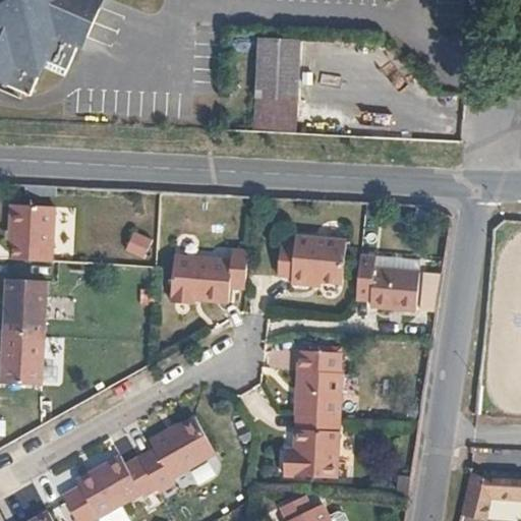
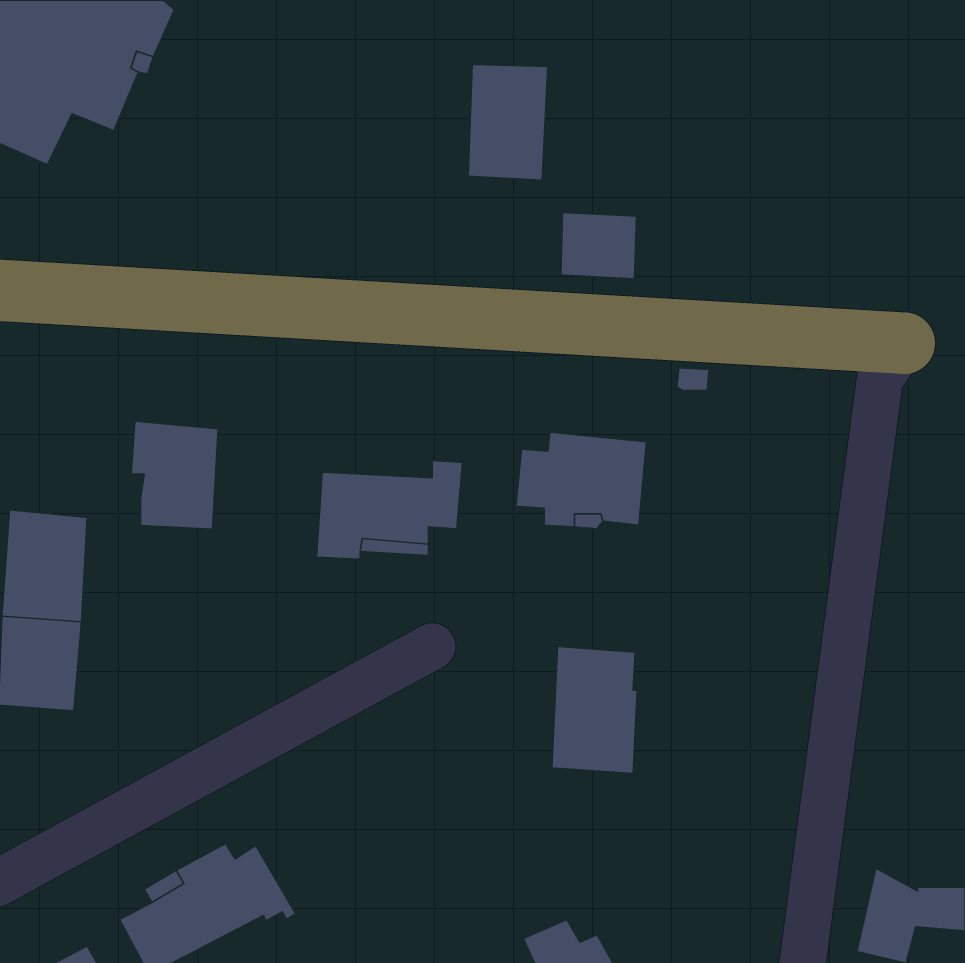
building: [250,98,291,133] -> [561,212,637,279]
building: [8,202,55,260] -> [131,421,218,529]
building: [356,255,420,310] -> none
building: [284,415,340,478] -> none
building: [137,416,215,494] -> none

